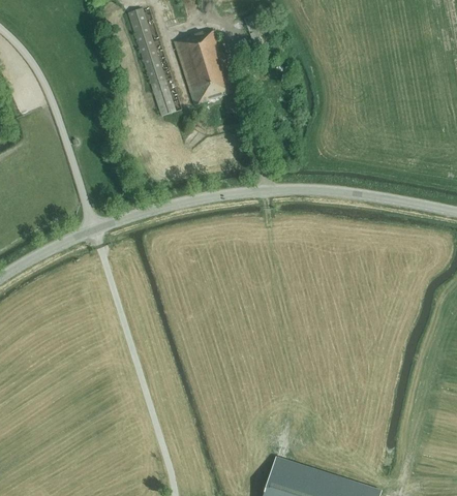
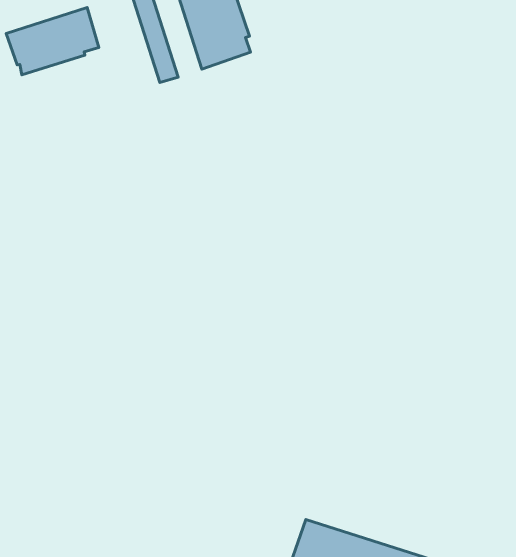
building: none -> [6,7,99,75]

